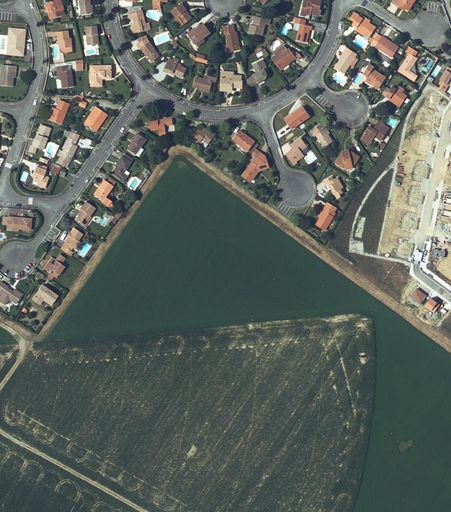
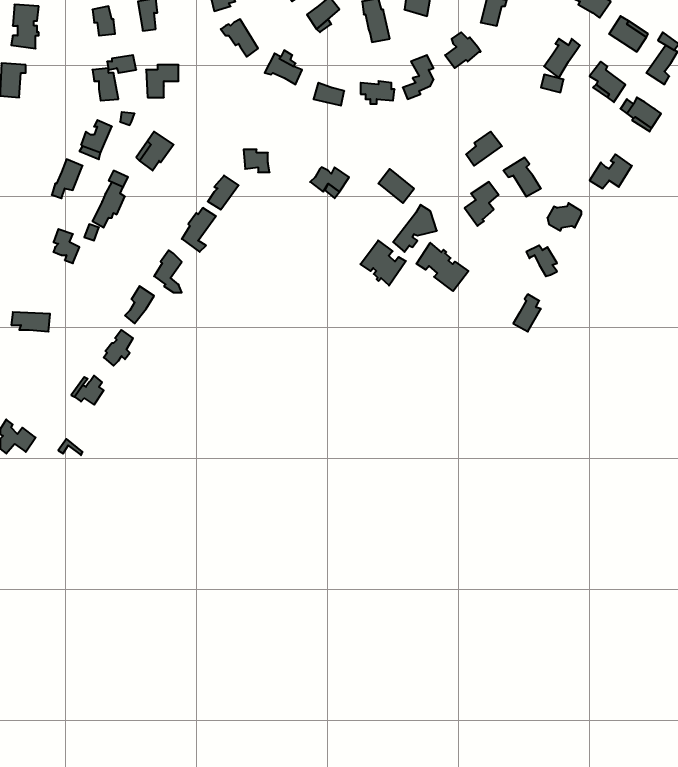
building: none -> [360,240,406,286]
building: none -> [416,243,468,291]

